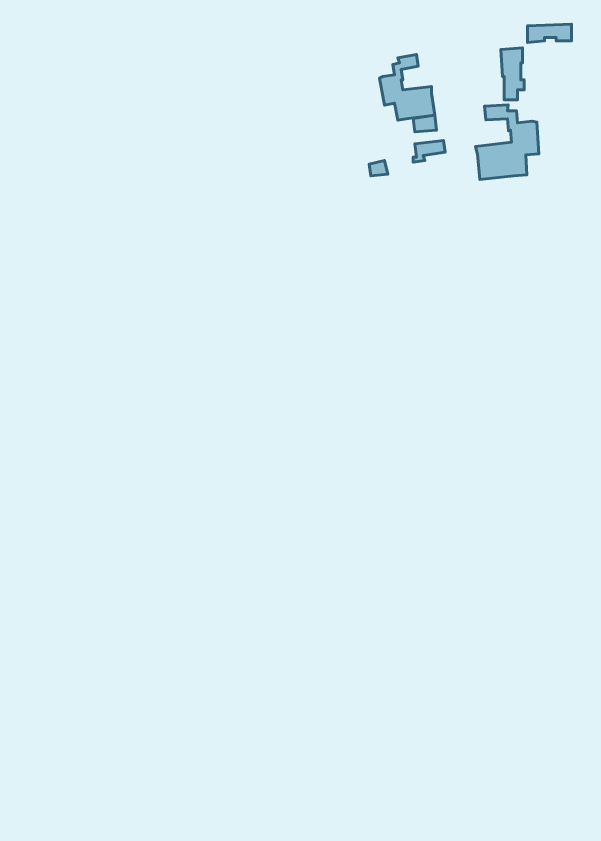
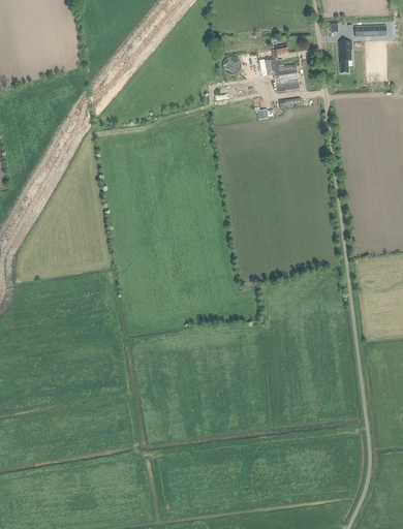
building: [475,105,539,180] -> none

